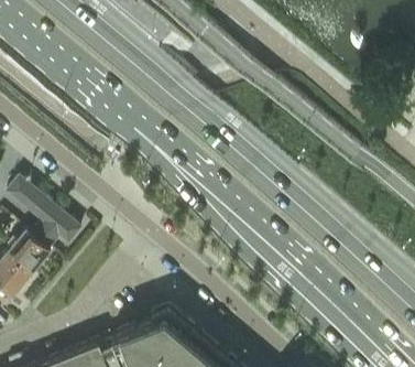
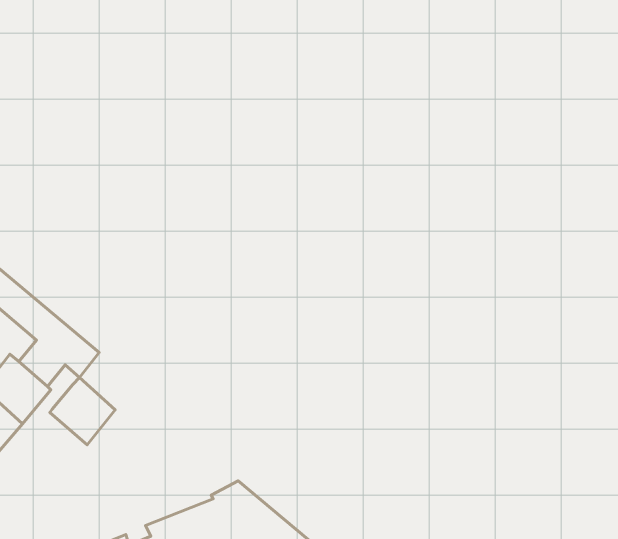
building: none -> [50,377,115,445]

